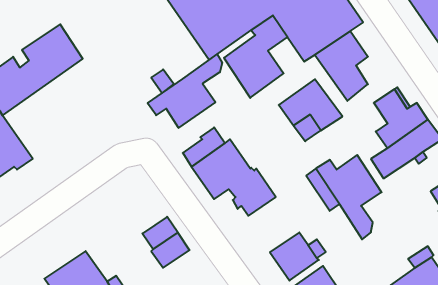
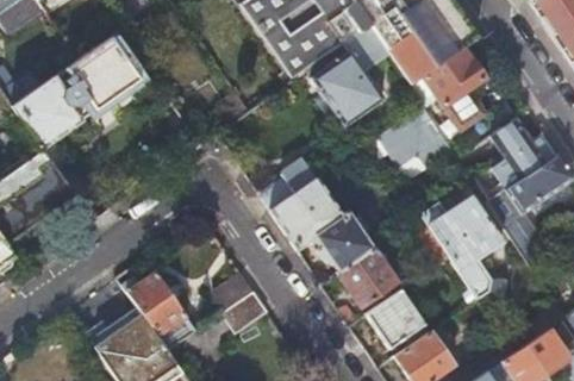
building: [148,54,222,128] -> none
building: none -> [338,248,398,306]
building: none -> [124,271,188,337]

